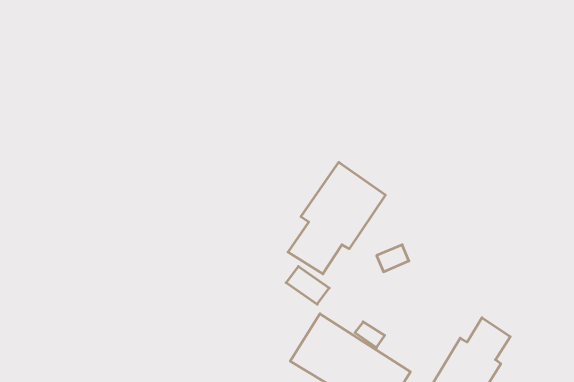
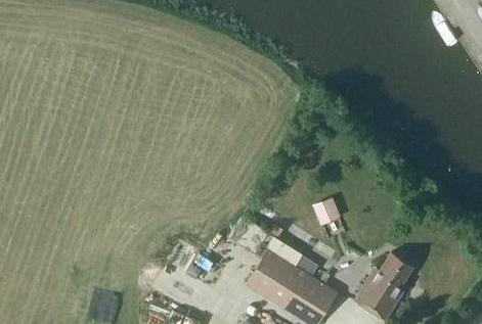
building: [288,162,385,274] -> none

